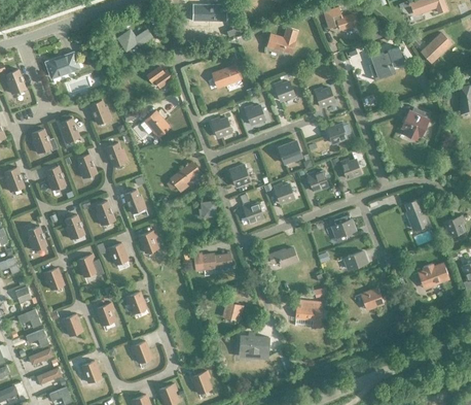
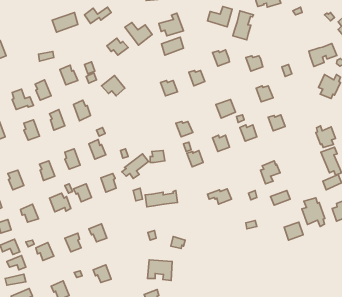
building: none -> [233,11,254,40]
building: none -> [159,13,183,36]
building: [370,47,404,75] -> [309,44,337,67]
building: none -> [125,22,152,45]
building: [46,54,77,77] -> [52,12,78,32]
building: [167,163,198,193] -> [122,154,148,179]
building: none -> [316,126,336,148]
building: none -> [302,198,325,227]
building: [295,300,322,328] -> none
building: [239,336,268,361] -> [147,260,172,280]

